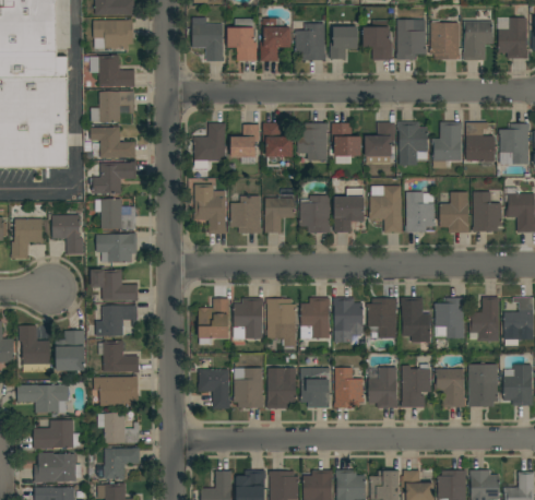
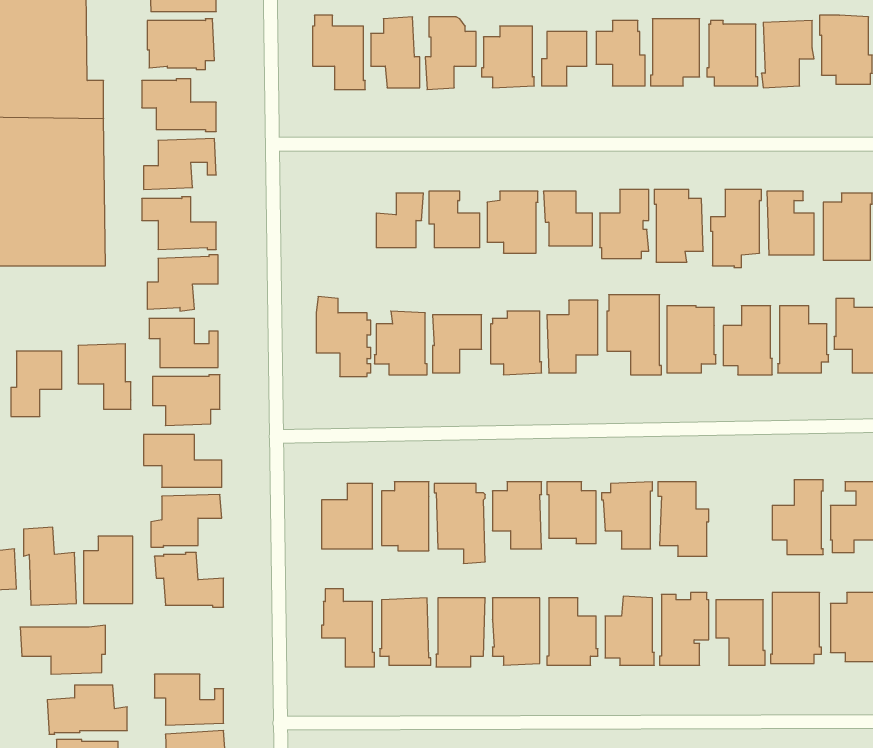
building: [193,123,227,168] -> none
building: [433,298,463,338] -> none
building: [94,377,138,406] -> none

